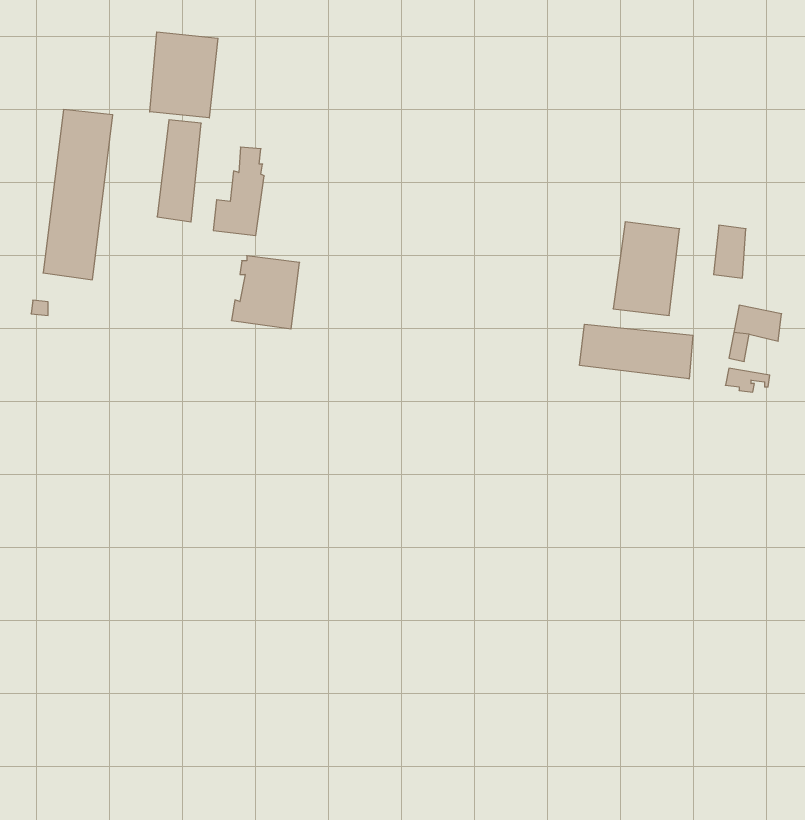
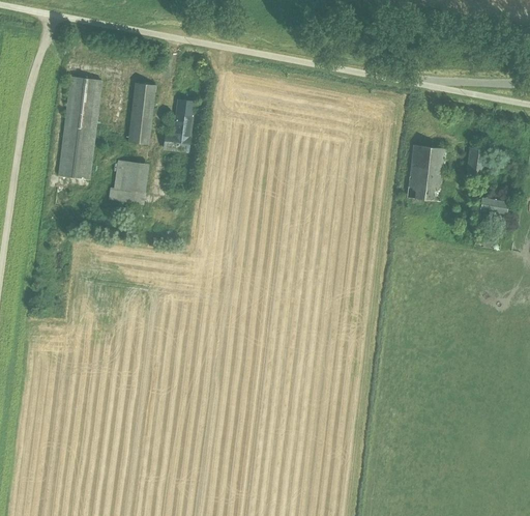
building: [150,32,218,118] -> none
building: [231,256,300,329] -> [108,159,149,203]
building: [580,324,693,379] -> none

